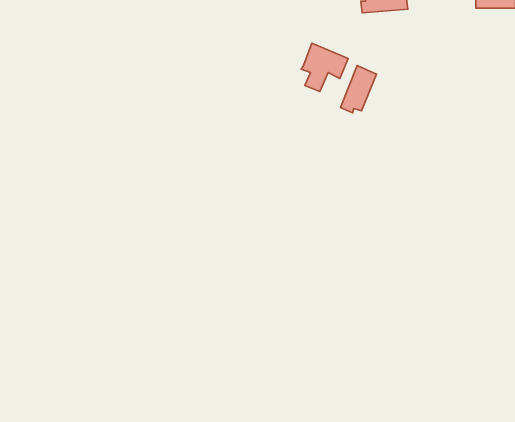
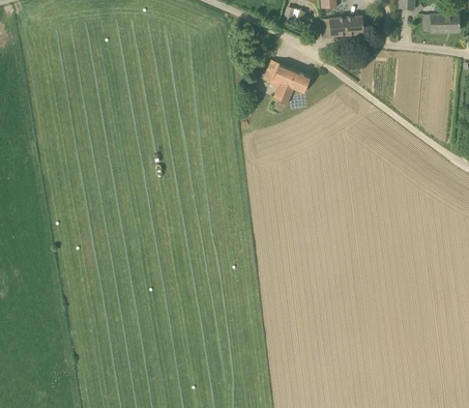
building: [340,65,377,113] -> none

